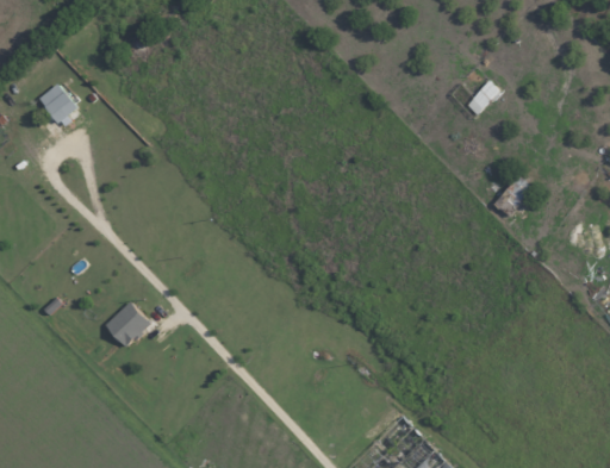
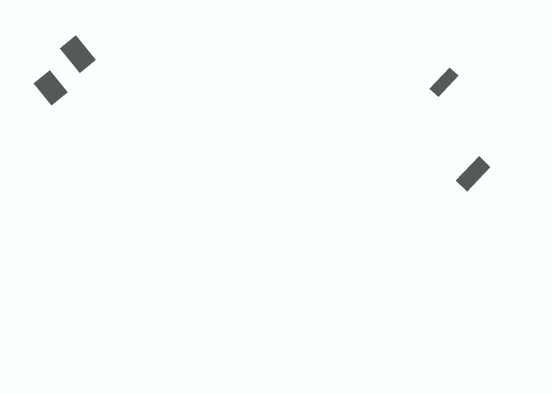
building: none -> [59,34,97,74]
building: [104,301,150,348] -> none

